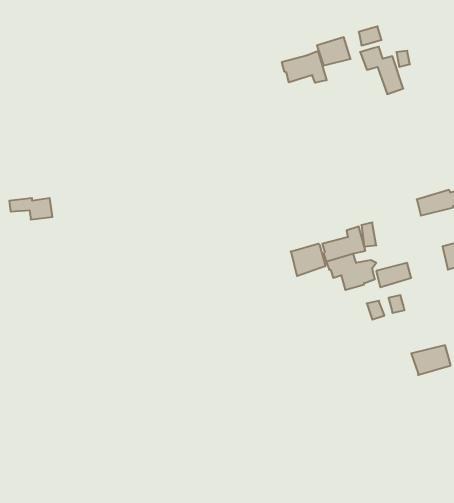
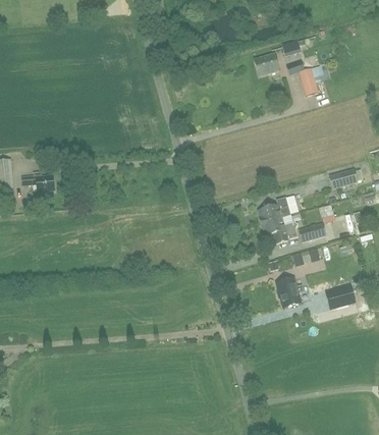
building: [282,51,327,83] -> none
building: [291,244,325,276] -> none
building: none -> [276,277,304,307]

